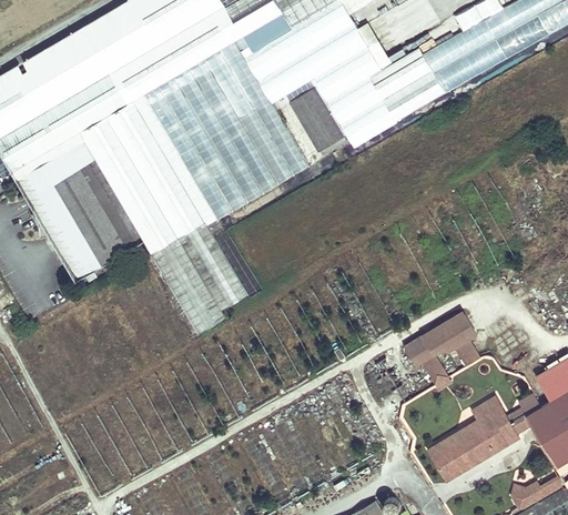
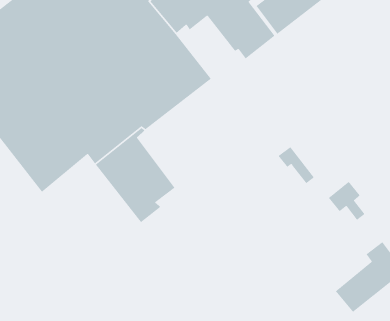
building: [290,85,346,154] -> none
building: [407,339,450,388] -> [277,146,315,184]

